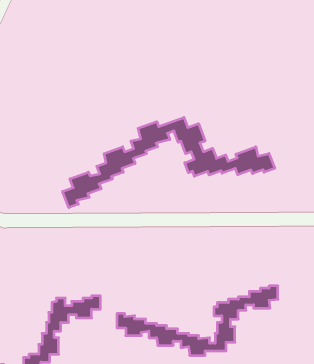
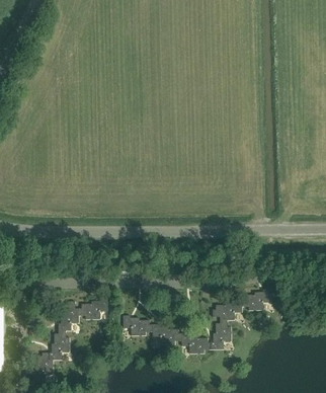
building: [63,117,275,208] -> none

